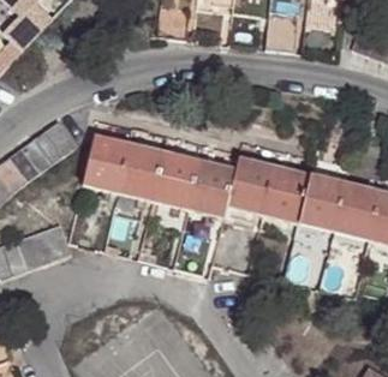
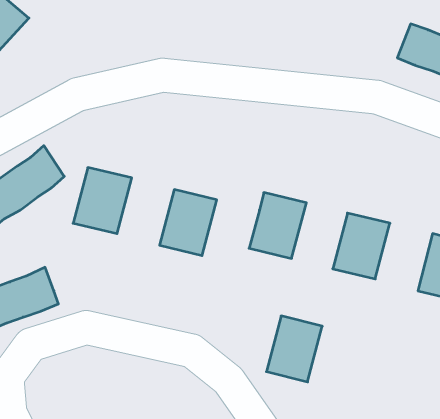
building: [123,146,169,202] -> none
building: [192,164,239,220] -> none
building: [265,167,311,221] -> [266,316,322,382]
building: [334,184,381,239] -> none

